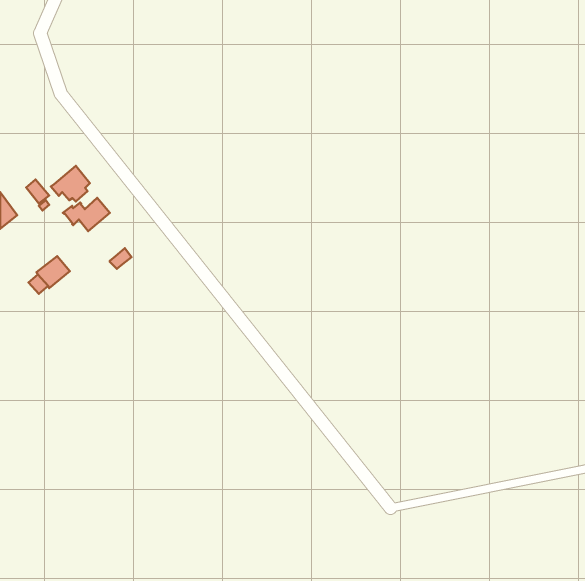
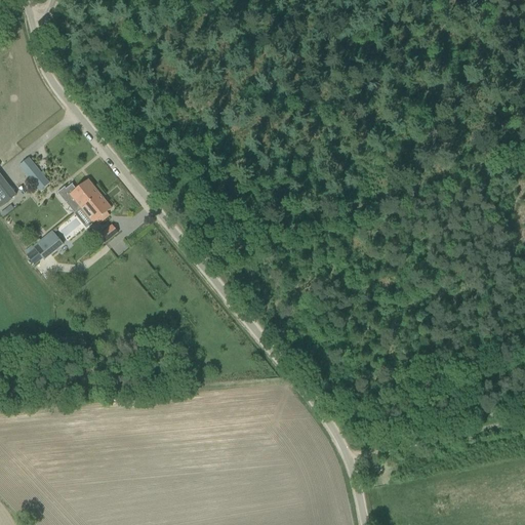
building: [51,166,90,201] -> [76,191,111,223]

